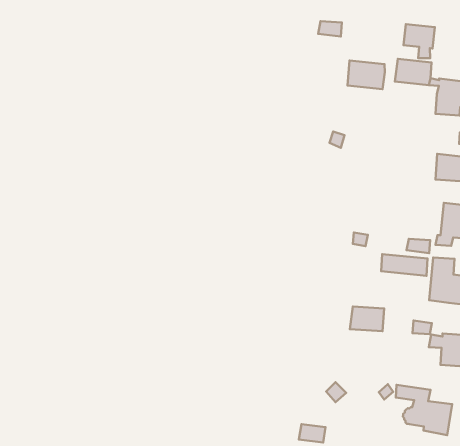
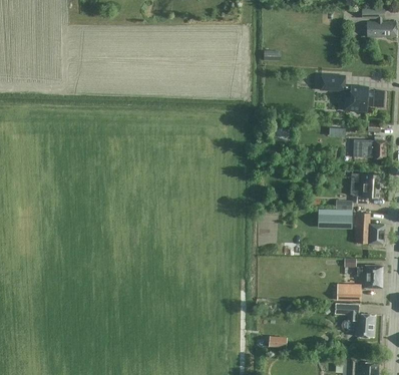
building: [403,24,435,58] -> none
building: [347,60,385,89] -> none
building: [350,306,384,331] -> [336,285,359,301]

